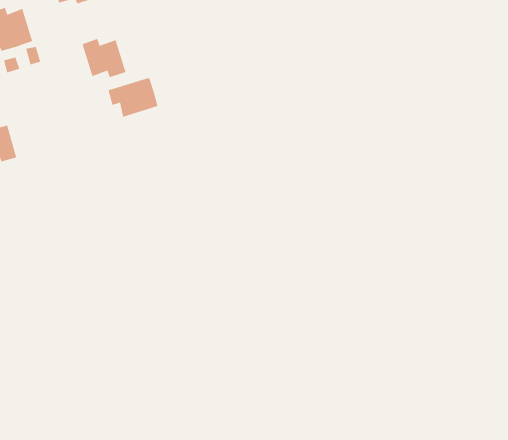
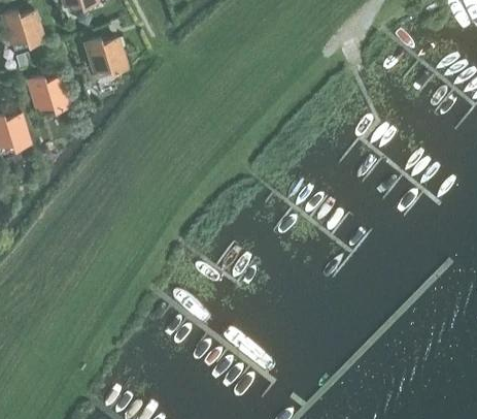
building: [107,77,158,118] -> none
building: none -> [29,75,68,111]

